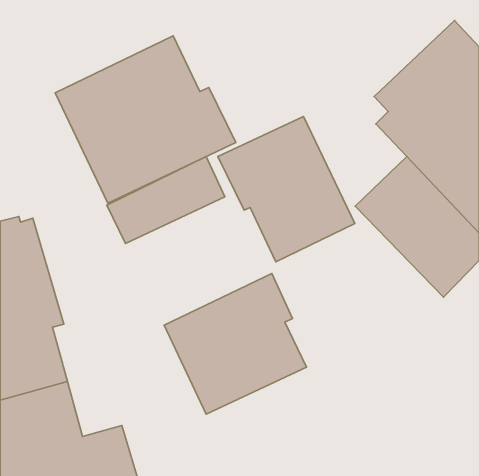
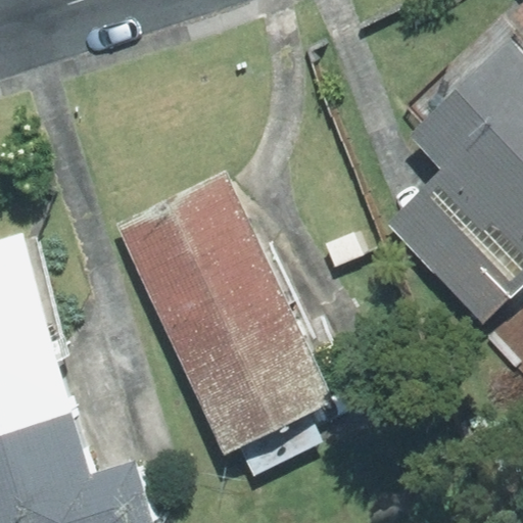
building: [55,36,236,203] -> none
building: [218,116,355,262] -> none
building: none -> [137,218,296,358]

